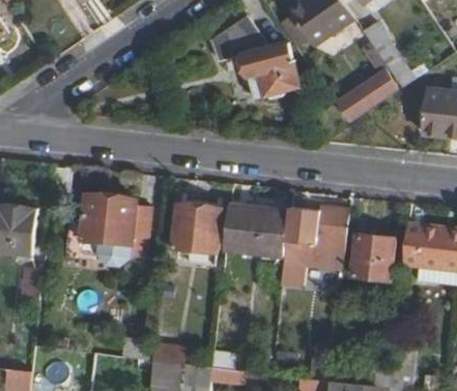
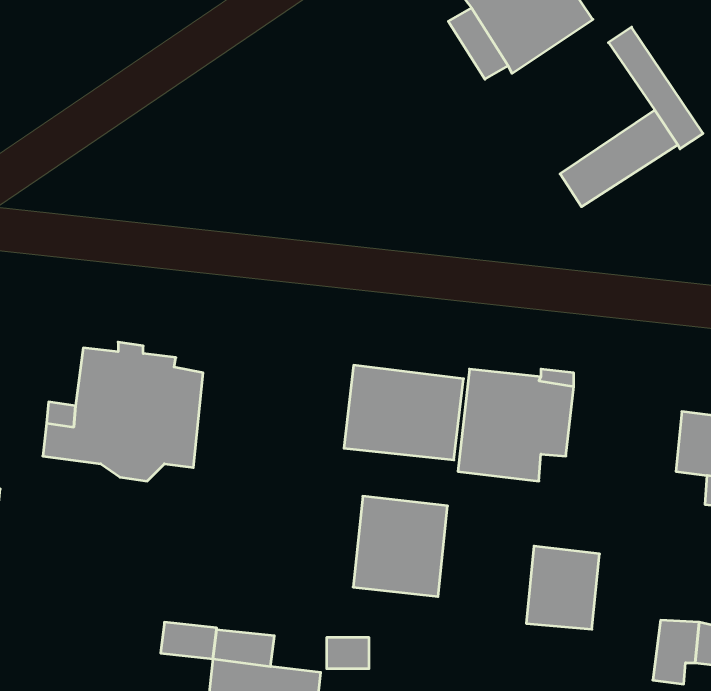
building: [212,22,301,97] -> none
building: [170,200,221,253] -> [353,496,448,597]
building: [351,235,391,279] -> [526,546,600,629]

